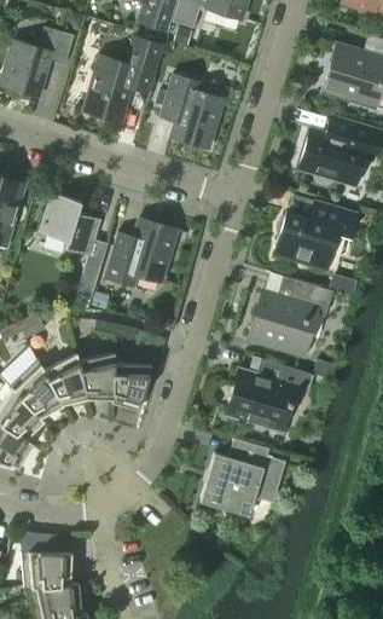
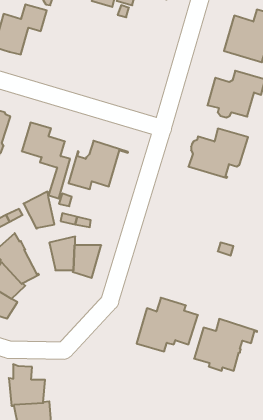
building: [82,36,163,122] -> none
building: [161,75,224,147] -> none
building: [249,279,333,355] -> none
building: [43,353,87,405] -> [23,192,54,229]
building: [226,358,314,430] -> [194,319,257,371]

